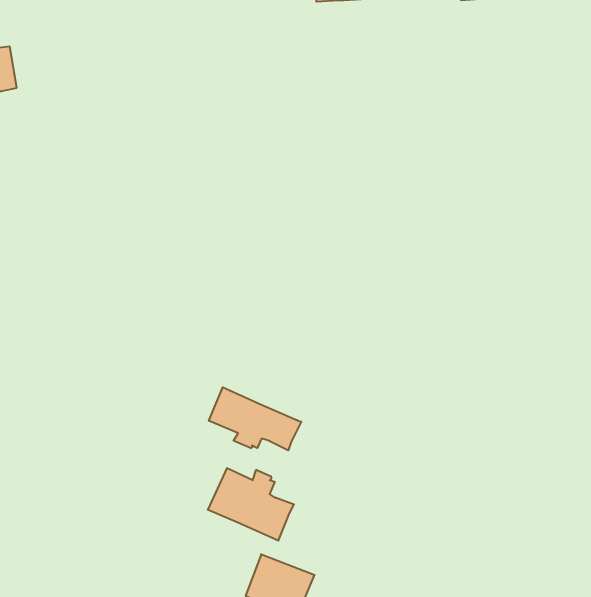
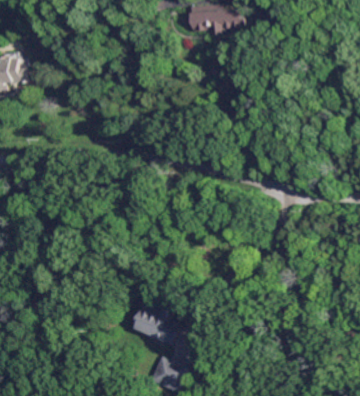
building: [209,387,301,450] -> none

